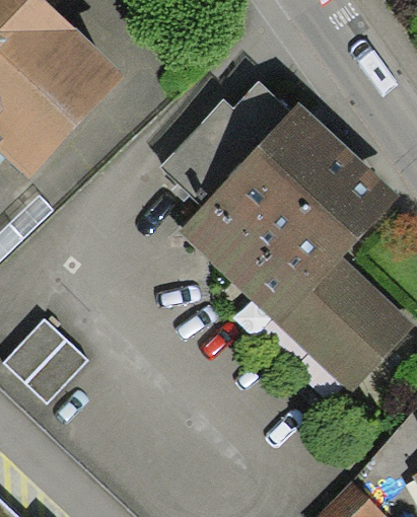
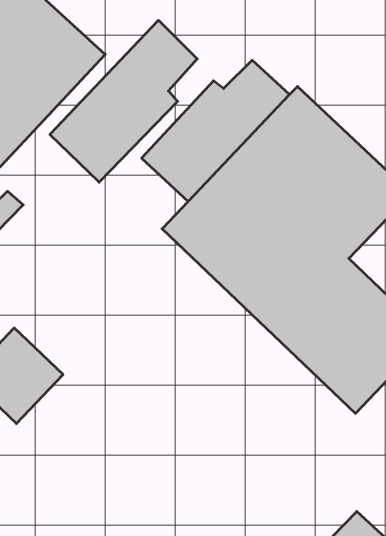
building: none -> [50,20,197,182]

